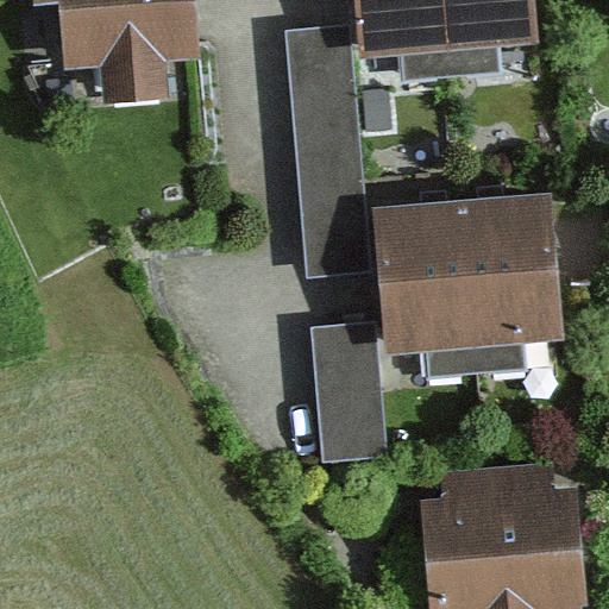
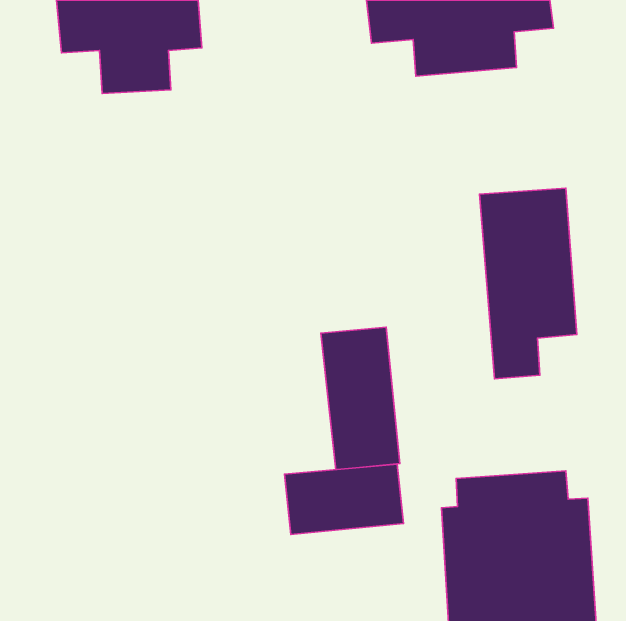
building: [284,27,389,278] -> none
building: [375,195,478,377] -> none
building: none -> [285,464,403,535]

